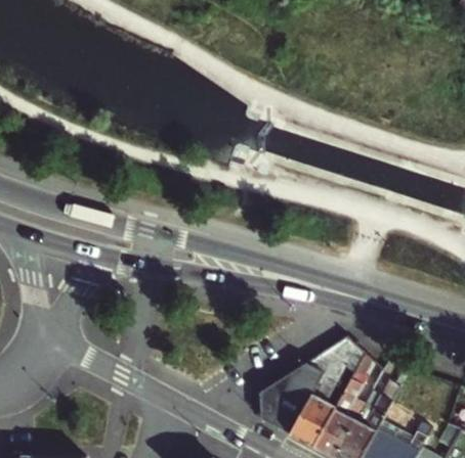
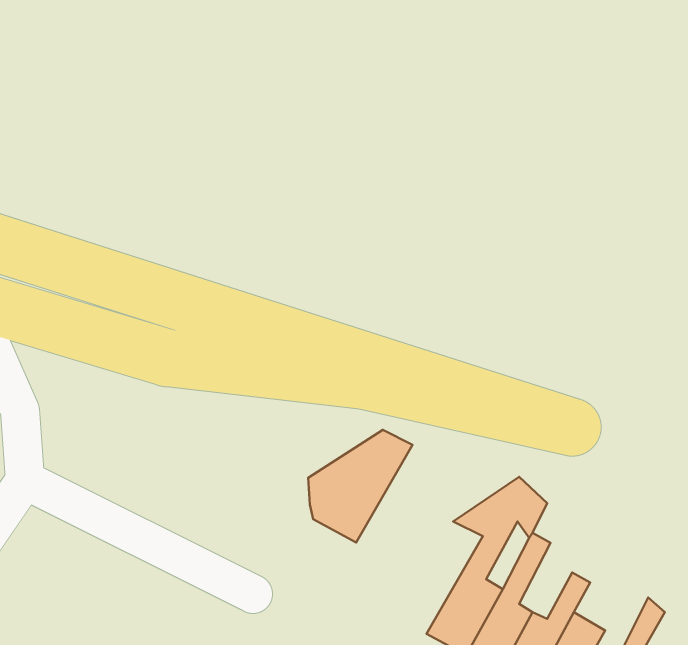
building: [260,364,325,433] -> [308,430,412,542]

